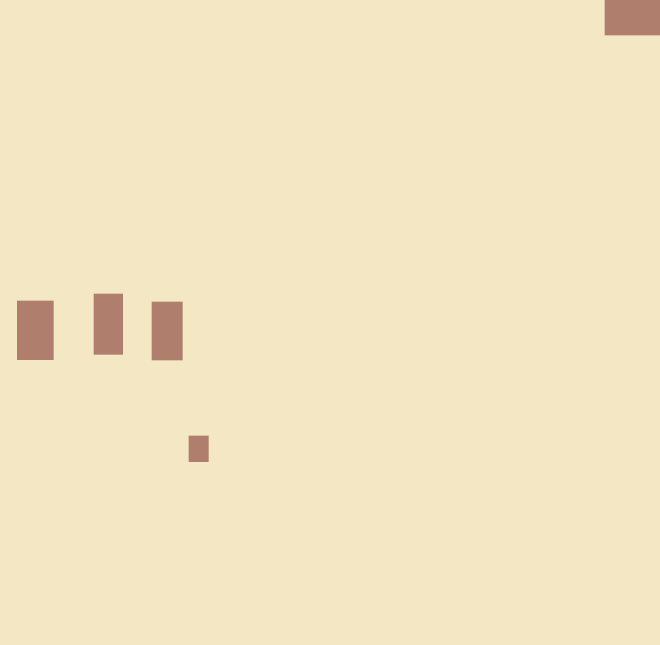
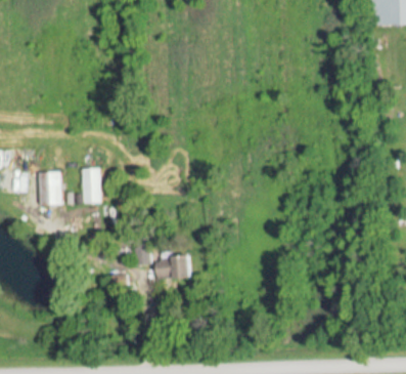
building: [151,301,183,361] -> none
building: none -> [156,255,191,279]

